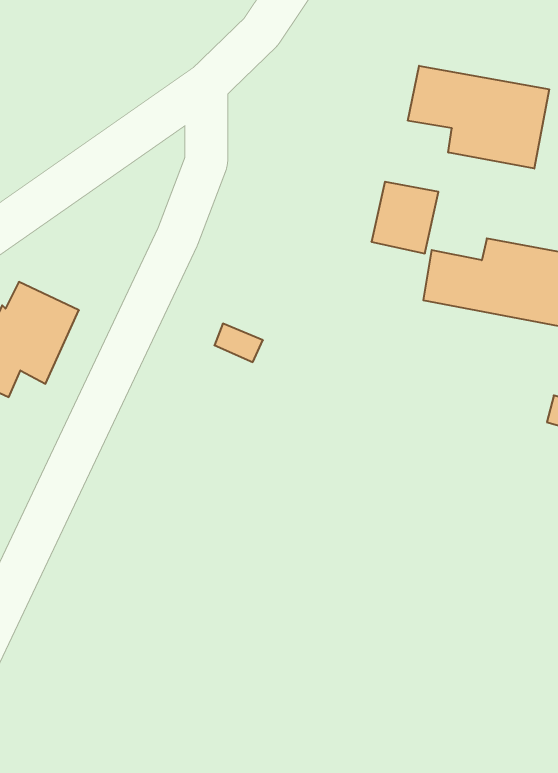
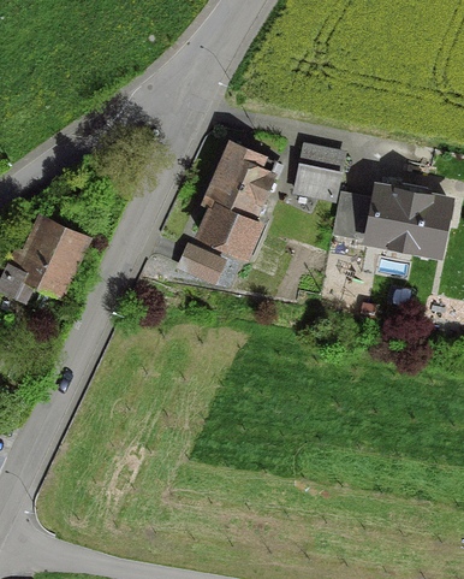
building: [408,66,549,169] -> none
building: none -> [202,141,278,254]

